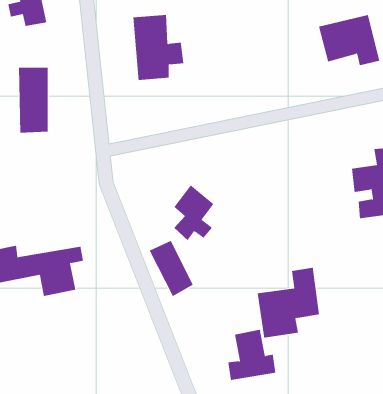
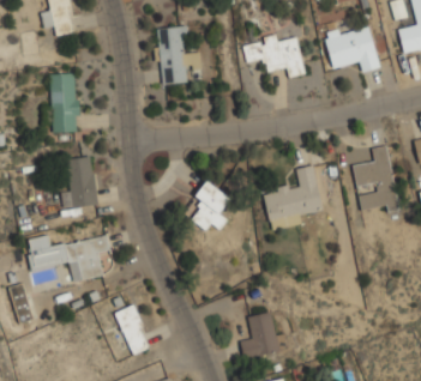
building: none -> [242,36,305,78]
building: none -> [61,156,98,208]
building: [149,240,193,297] -> [113,304,154,356]
building: [257,267,320,338] -> [264,165,321,230]

